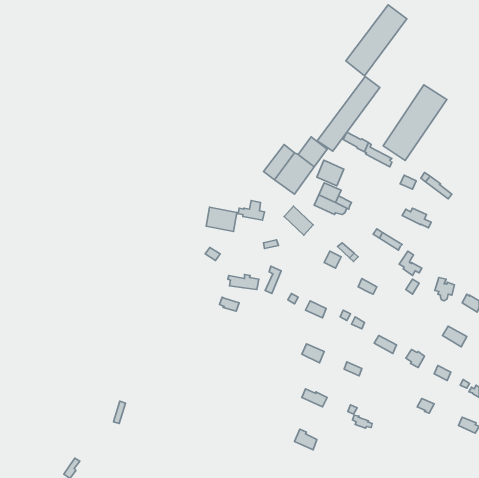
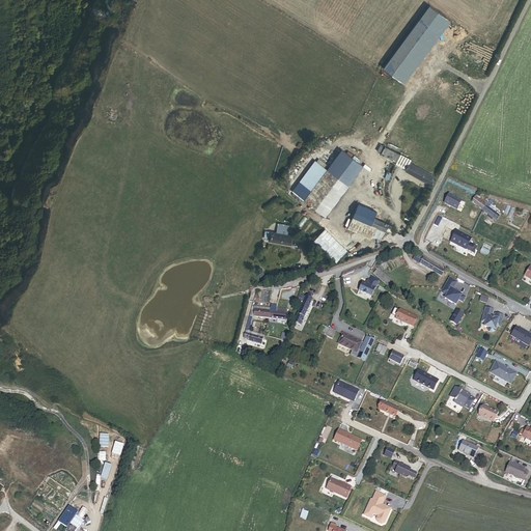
building: [317,77,380,151] -> none
building: [383,85,447,160] -> none
building: [317,160,344,186] -> none
building: [206,207,237,232] -> none
building: none -> [365,492,391,523]

